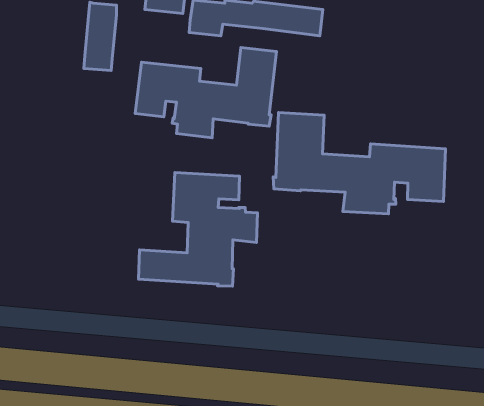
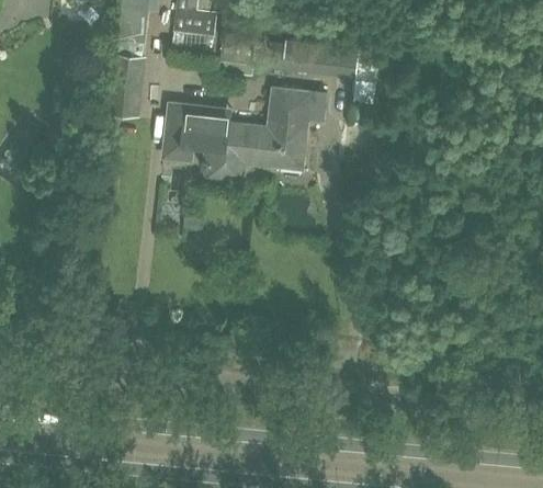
building: [273,113,446,214] -> none
building: [139,173,257,286] -> none

